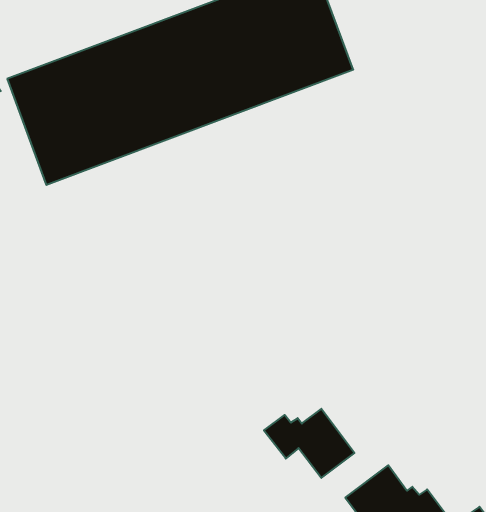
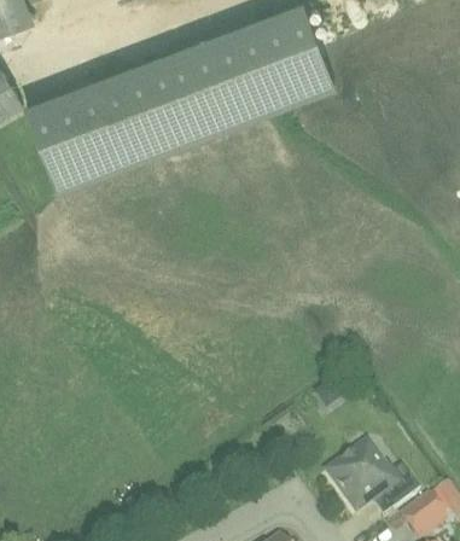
building: [264,409,354,478] -> none

